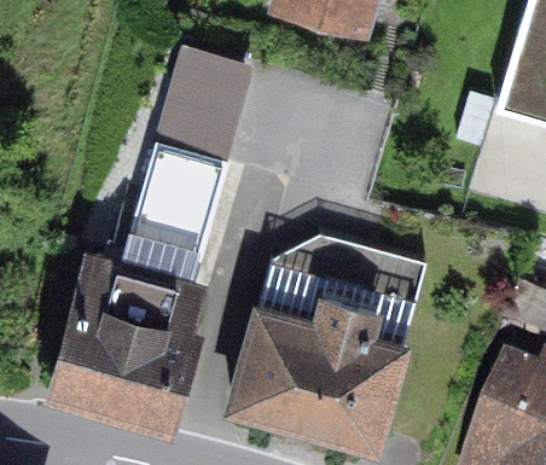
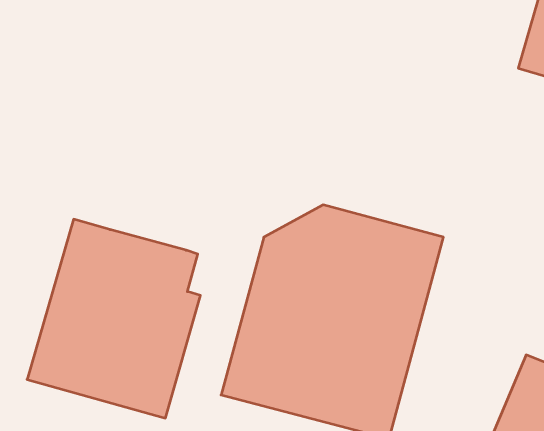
building: [121,54,251,279] -> none

